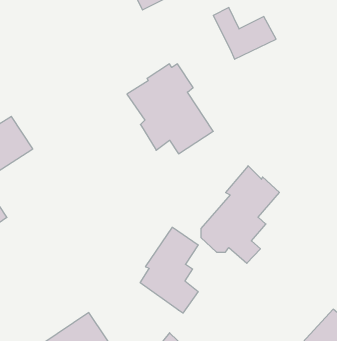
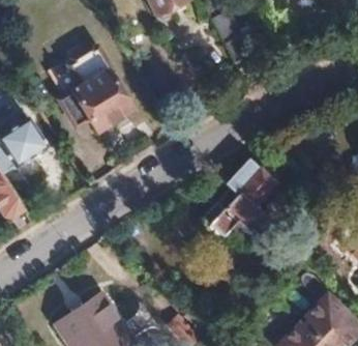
building: [127,64,213,154] -> [54,50,133,133]
building: [140,227,198,313] -> none

